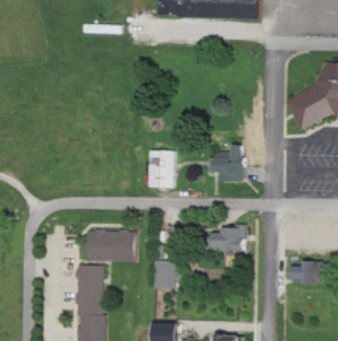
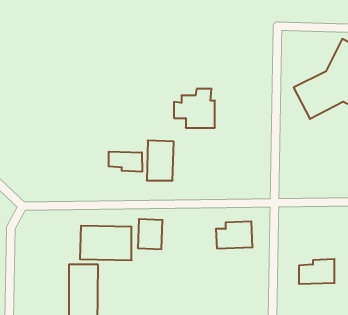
building: [207,145,245,181] -> [174,89,215,128]
building: none -> [109,152,142,172]
building: [152,260,175,288] -> [138,219,163,249]

